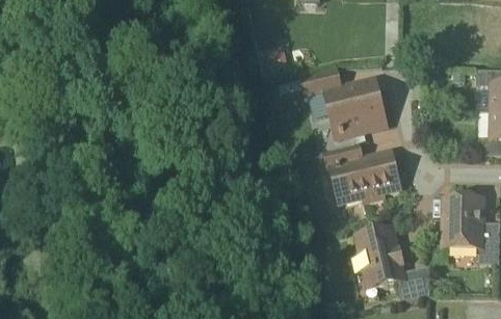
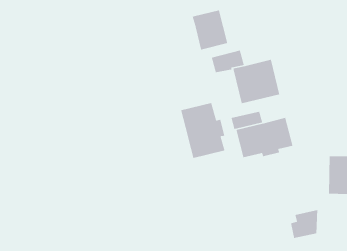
building: none -> [192,9,228,51]
building: none -> [180,102,225,159]
building: [353,228,404,286] -> none

